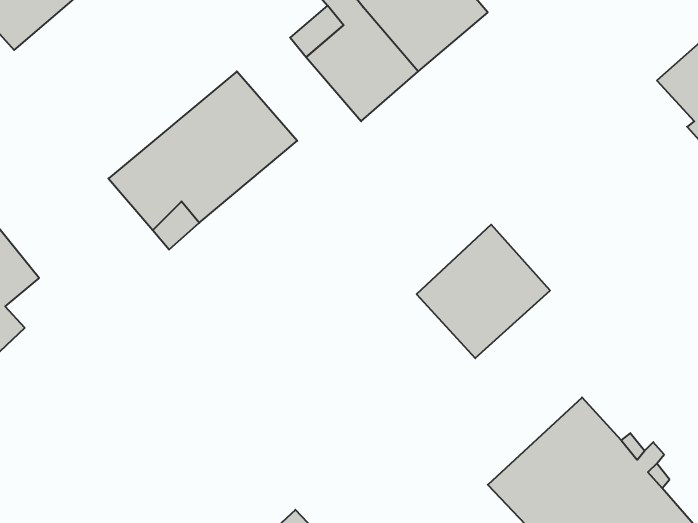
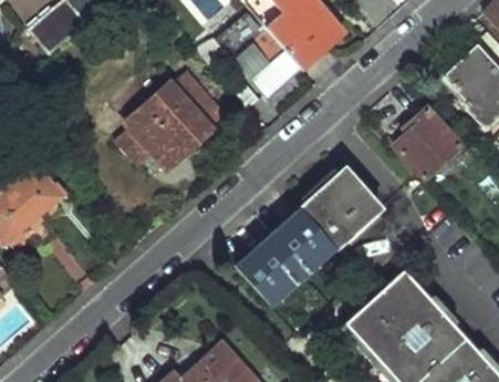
building: none -> [394,106,464,178]
building: none -> [237,207,335,303]

